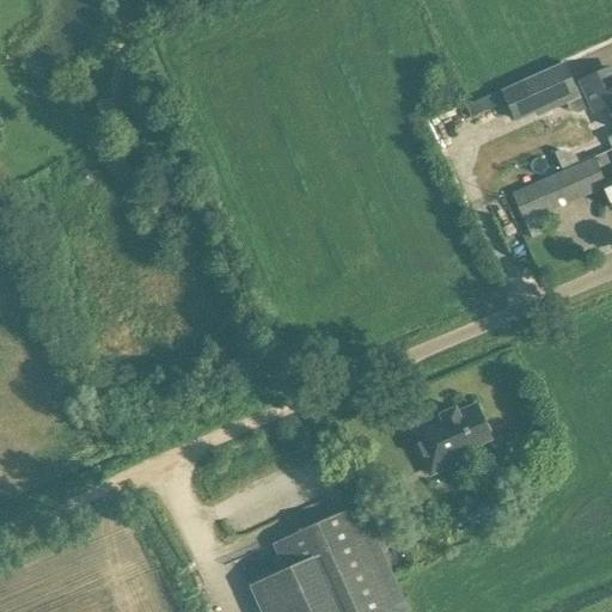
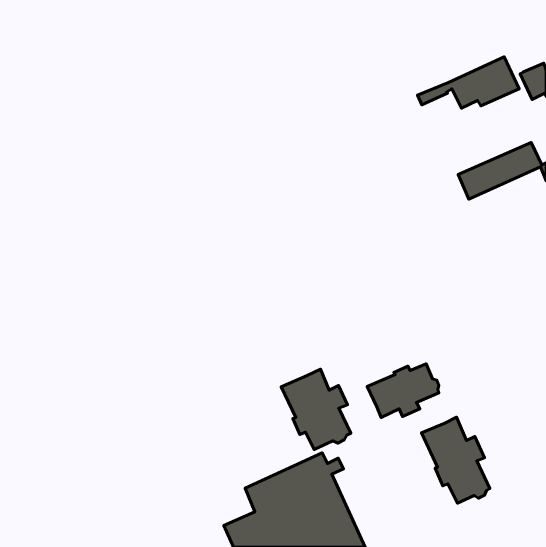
building: none -> [281,369,351,450]
building: none -> [422,417,490,503]

